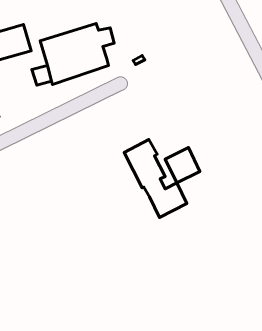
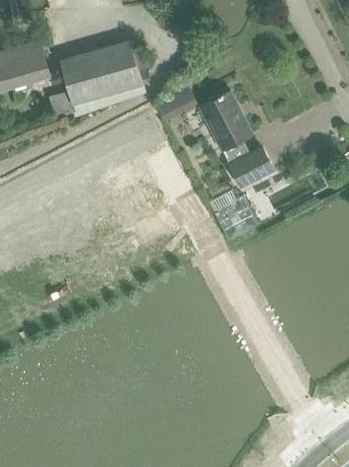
building: [124,139,187,217] -> [196,91,274,187]

